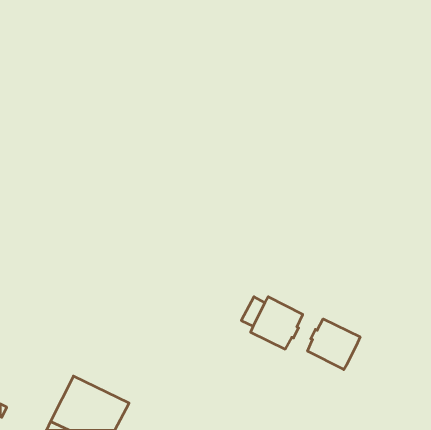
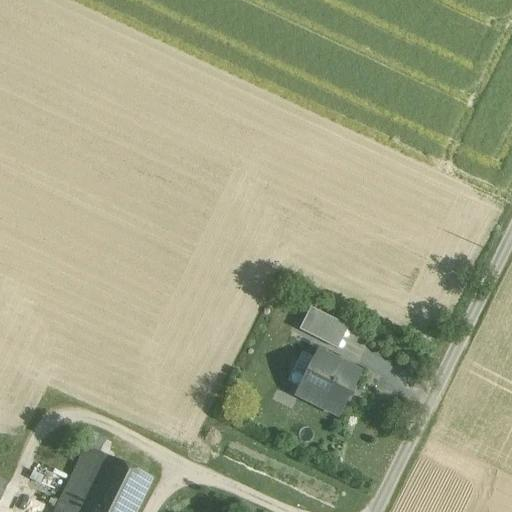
building: none -> [300,308,348,348]
building: [308,319,360,370] -> none

